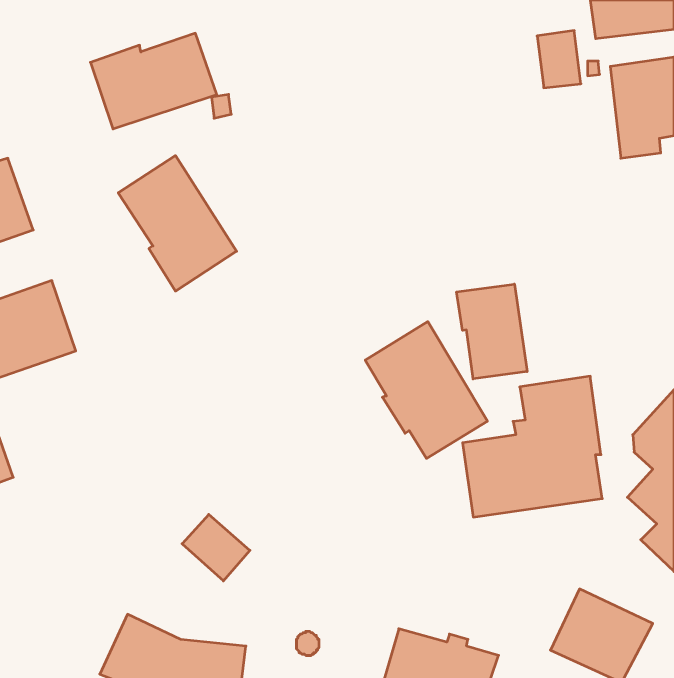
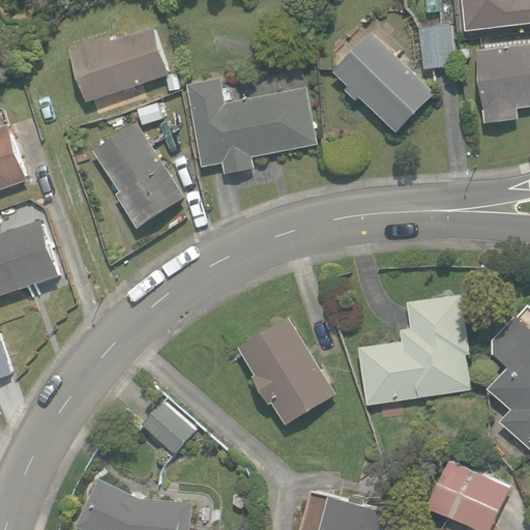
building: none -> [333,33,434,131]
building: none -> [186,79,315,173]
building: [457,284,527,379] -> none
building: [365,322,487,458] -> [239,317,334,423]

